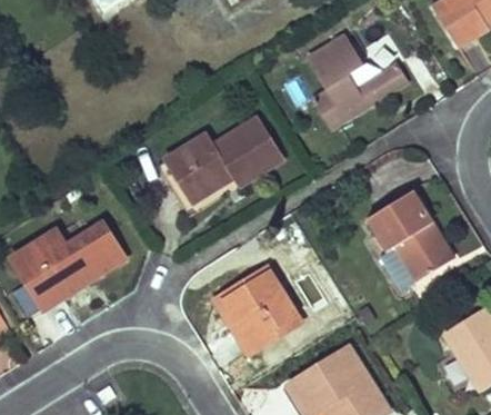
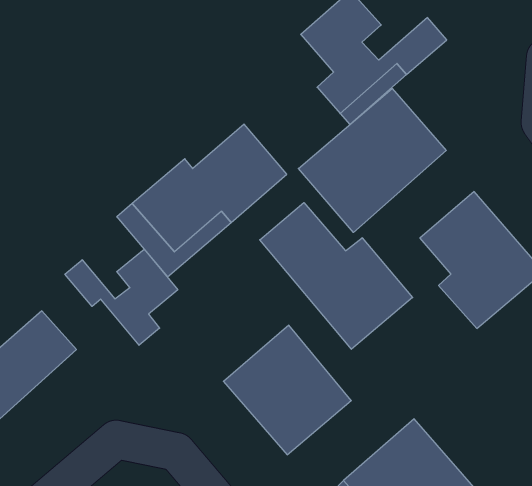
building: none -> [298,88,446,232]
building: none -> [260,203,413,349]
building: none -> [65,249,178,345]

